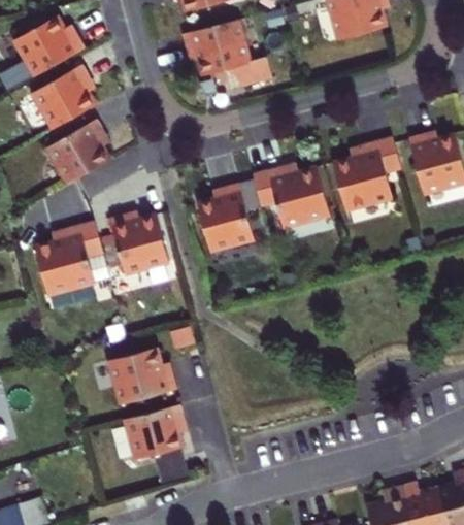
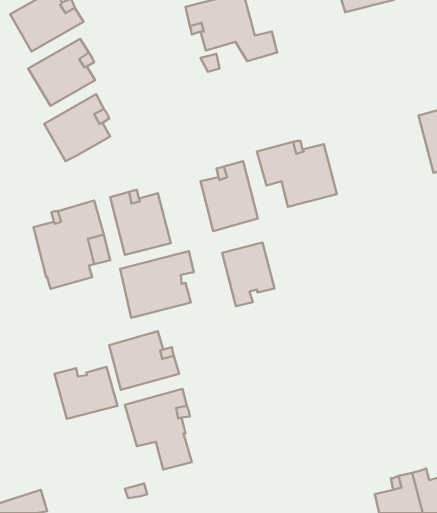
building: [332,136,400,209] -> none
building: none -> [222,242,275,306]
building: none -> [120,251,194,318]
building: none -> [54,367,117,419]

